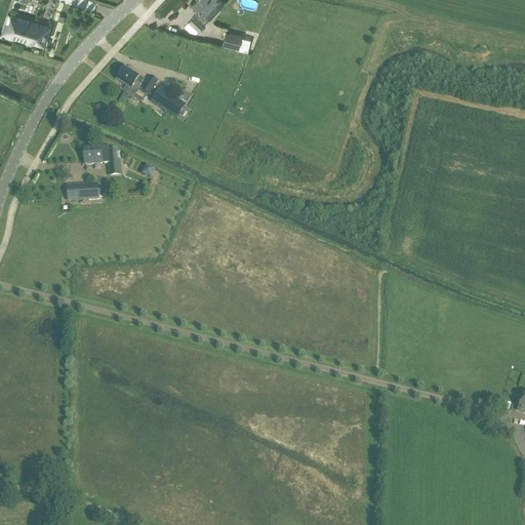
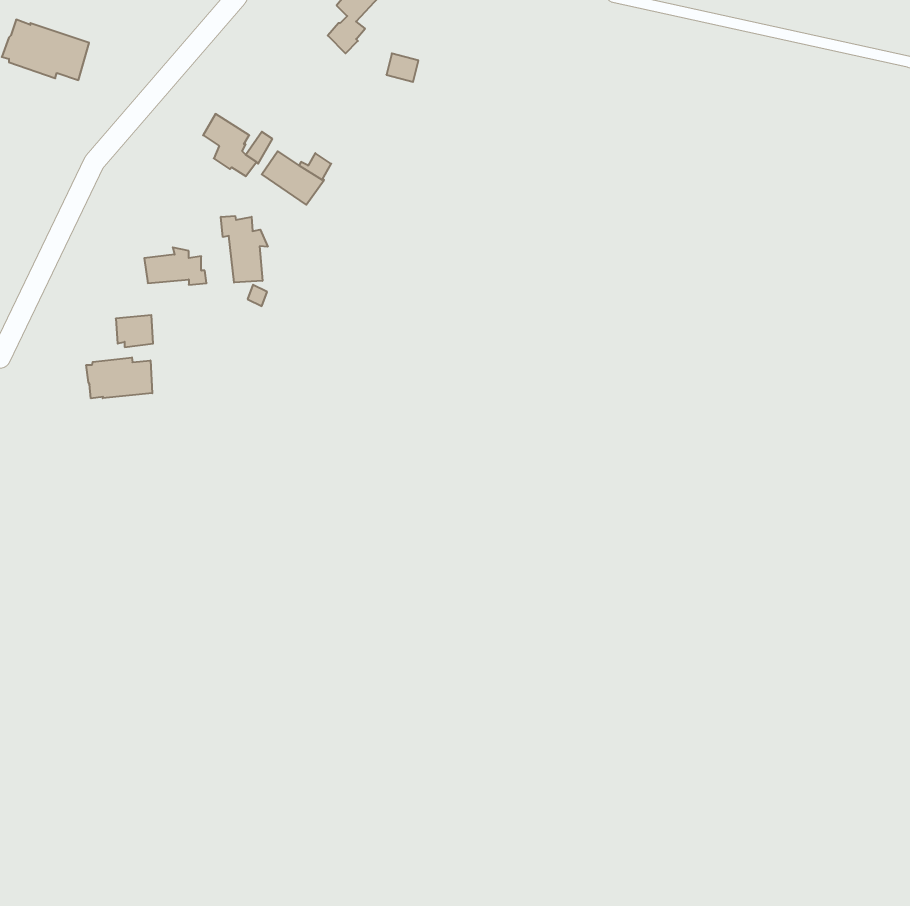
building: none -> [221,216,268,283]
building: none -> [86,357,152,398]

